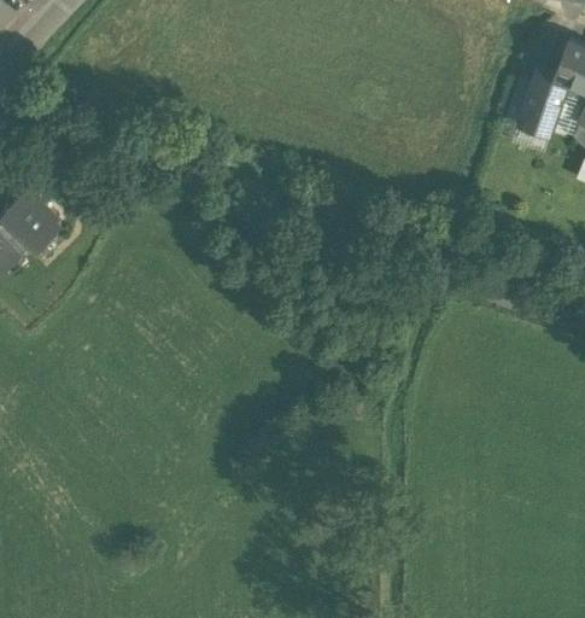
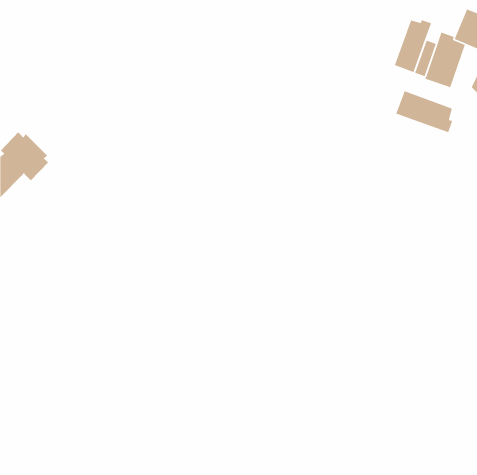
building: none -> [394,19,432,73]
building: none -> [395,90,453,133]

